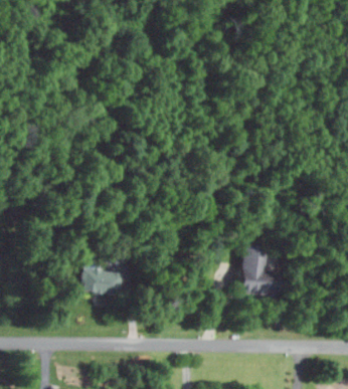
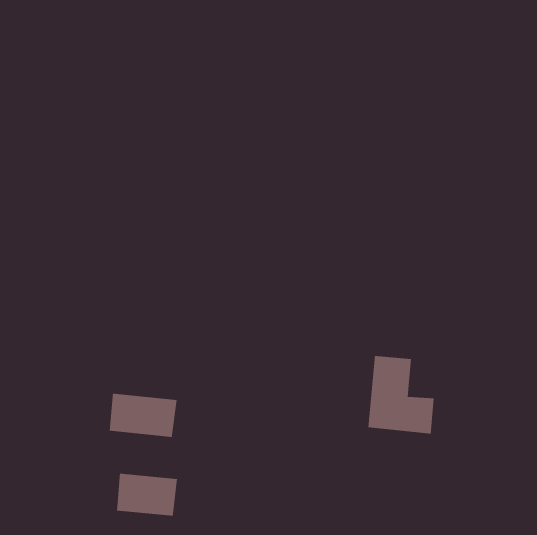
building: none -> [117,473,177,517]

